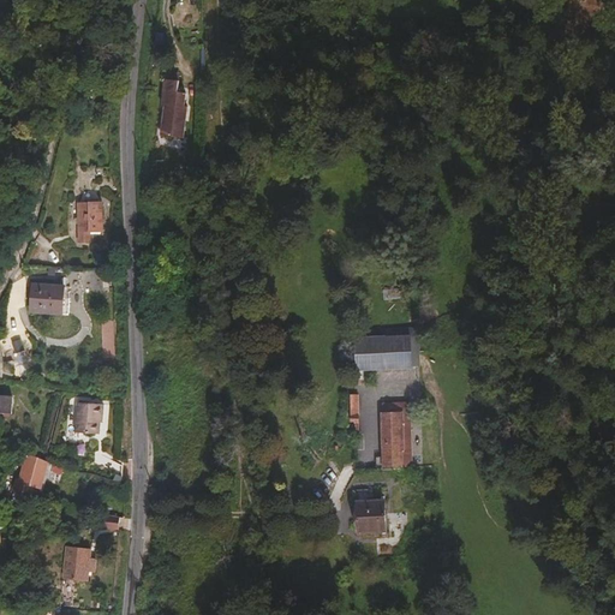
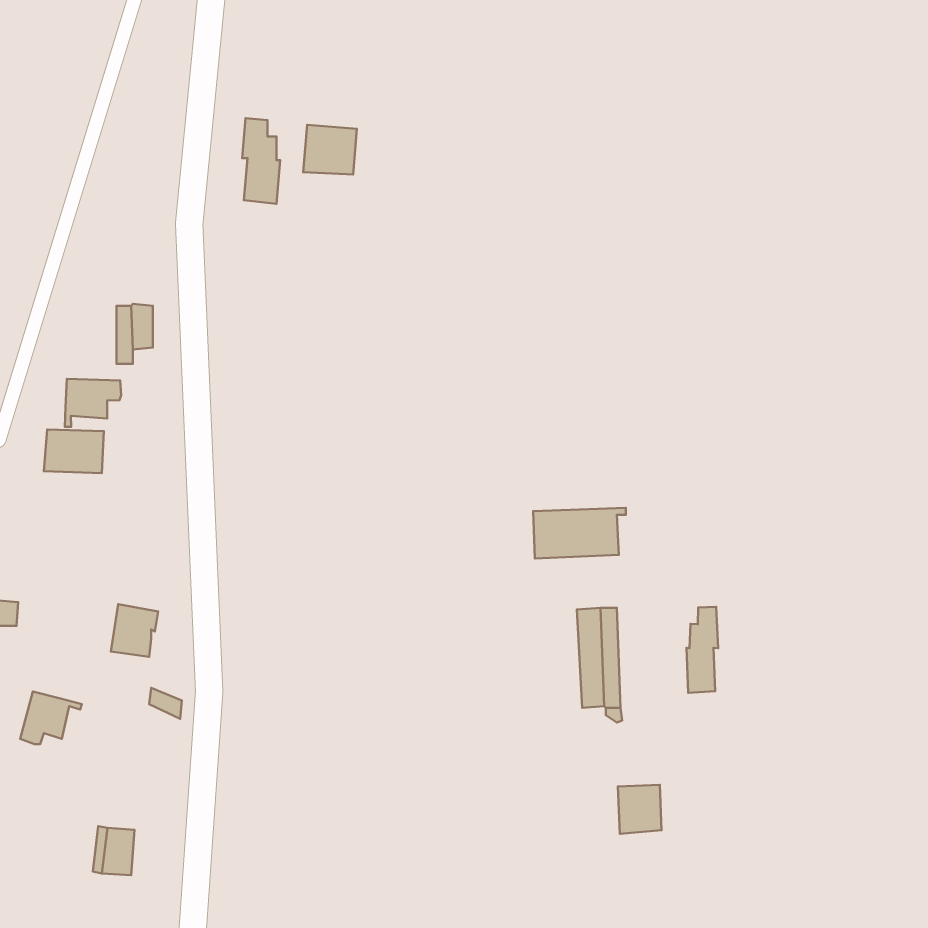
building: none -> [303,125,357,174]
building: none -> [65,379,121,427]
building: none -> [687,607,718,693]
building: [356,498,384,531] -> [618,785,662,834]

